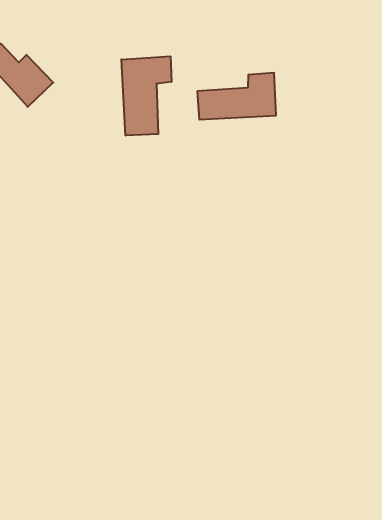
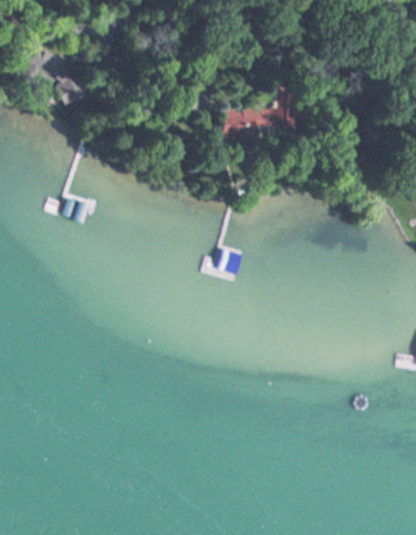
building: [121,56,171,136] -> none

